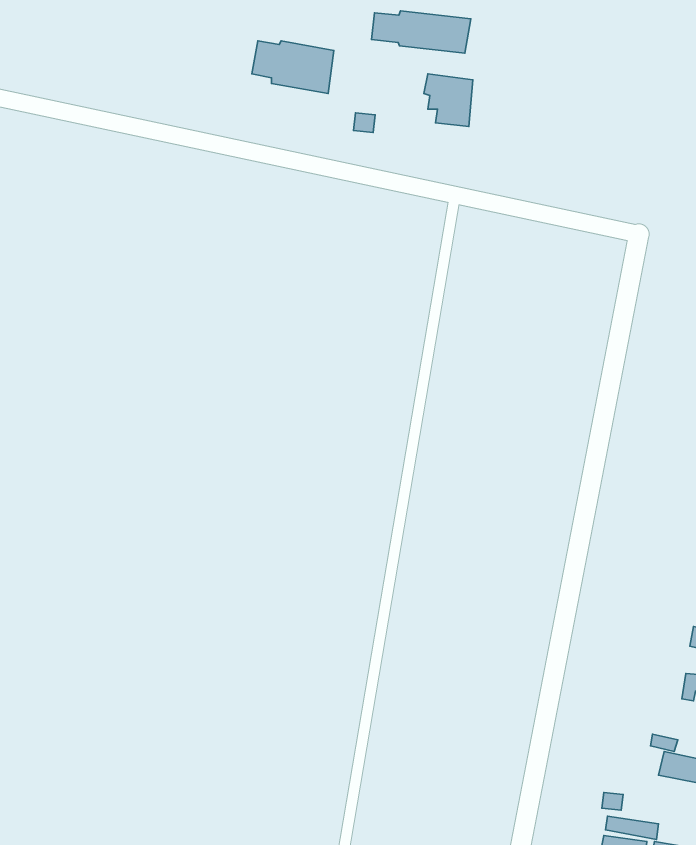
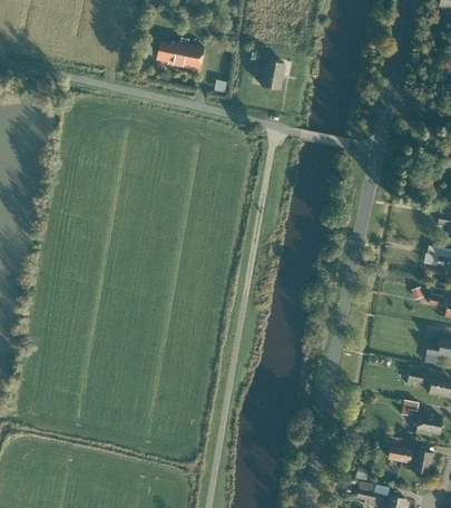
building: [372,11,471,53] -> none

